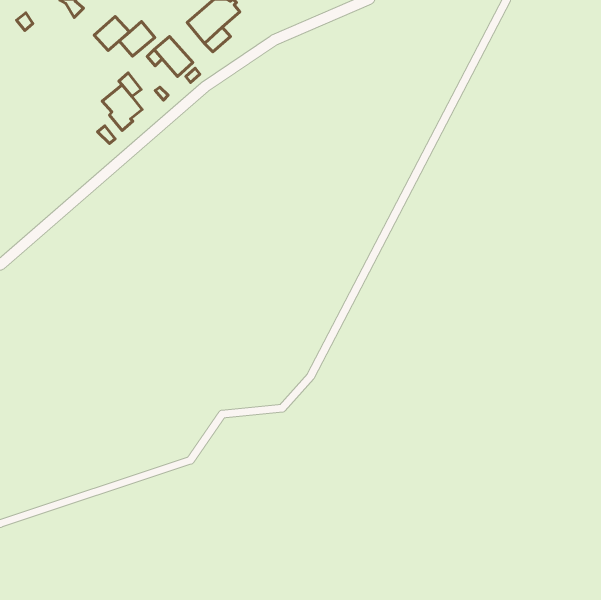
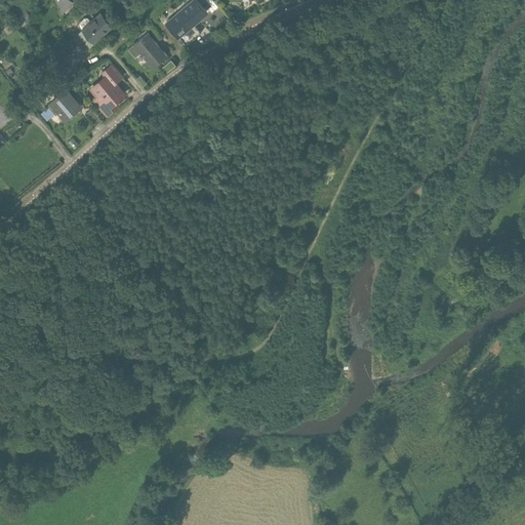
building: [119,21,155,56] -> none
building: none -> [48,90,81,123]

